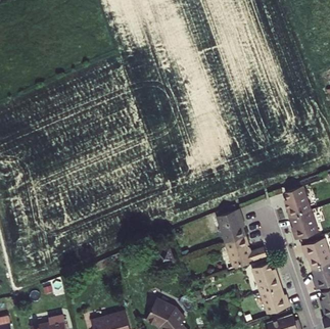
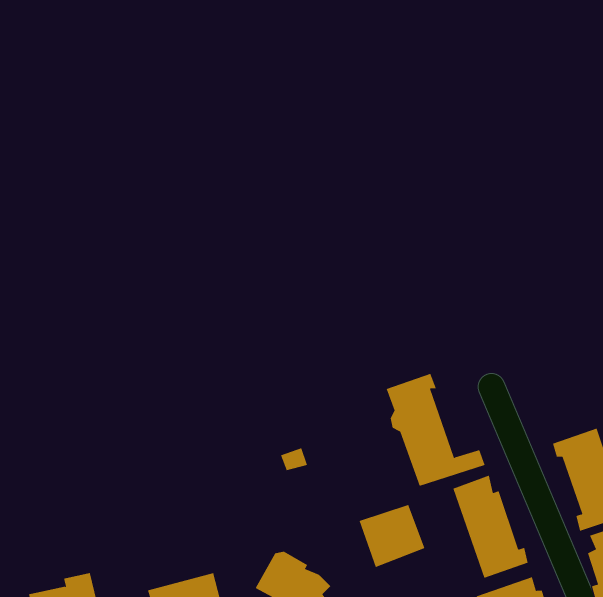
building: [285,185,318,239] -> none
building: none -> [359,504,425,568]

